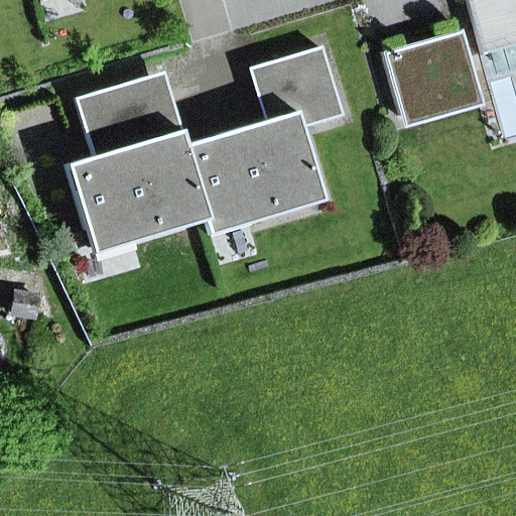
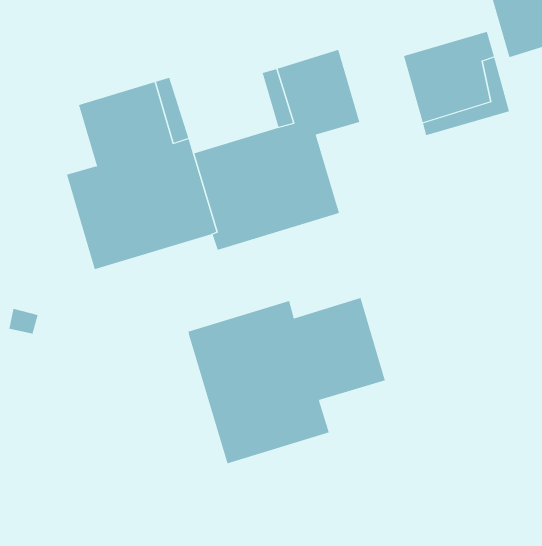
building: none -> [188,297,385,464]

